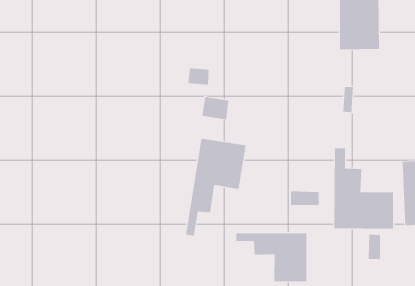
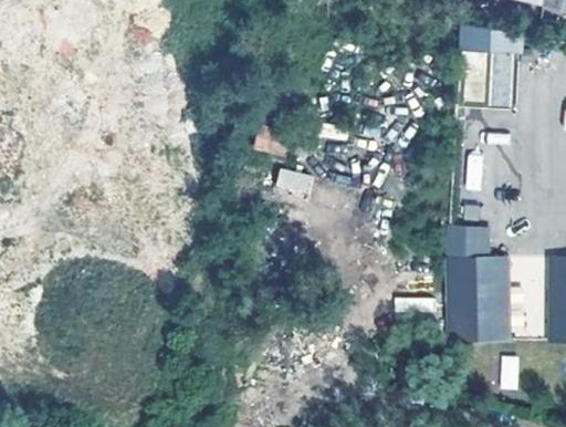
building: [186,138,246,237] -> none
building: [236,232,307,282] -> none

